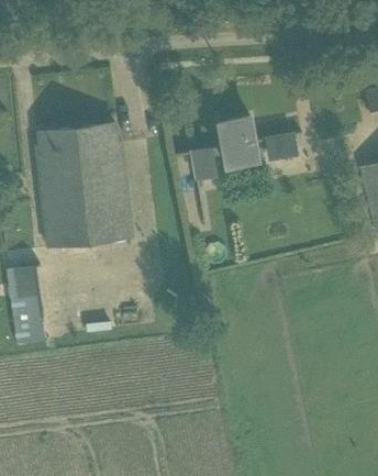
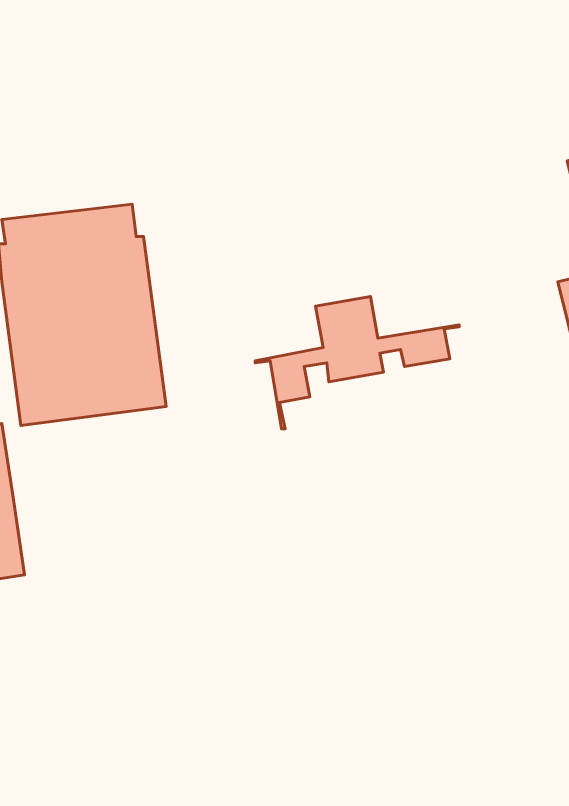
building: [182,117,301,193] -> [255,297,459,429]

